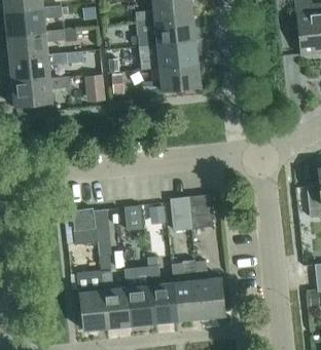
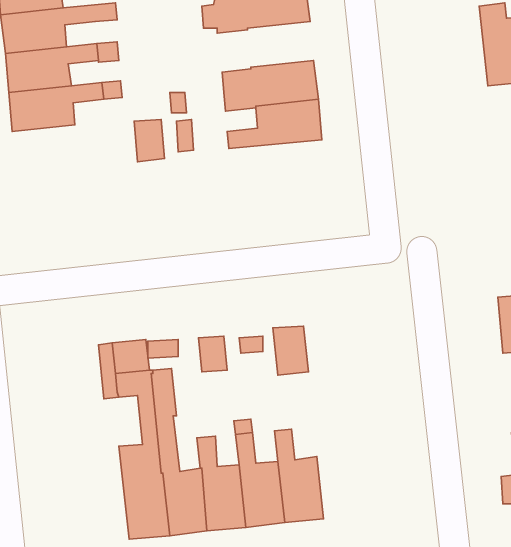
building: [137,15,195,46] -> none
building: [12,76,70,106] -> none
building: [189,197,214,228] -> none
building: [195,260,226,317] -> none

